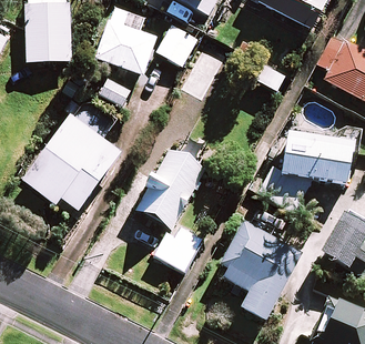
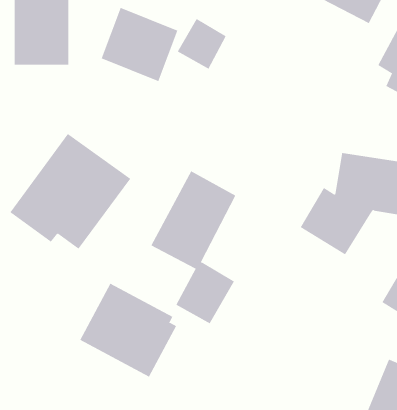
building: [216,223,302,320] -> none
building: none -> [79,283,177,378]

